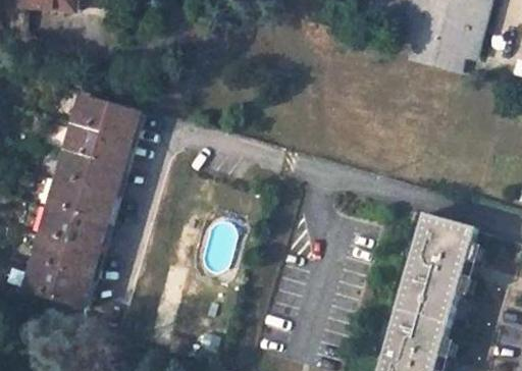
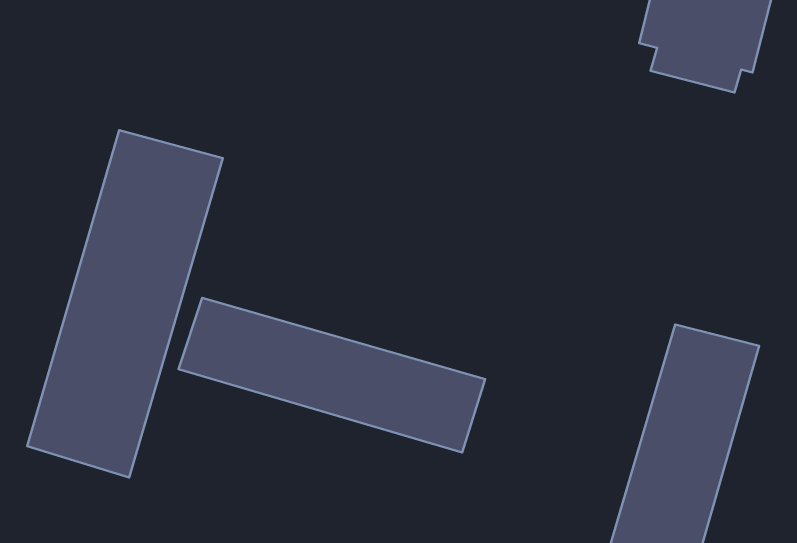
building: none -> [179,298,485,452]

